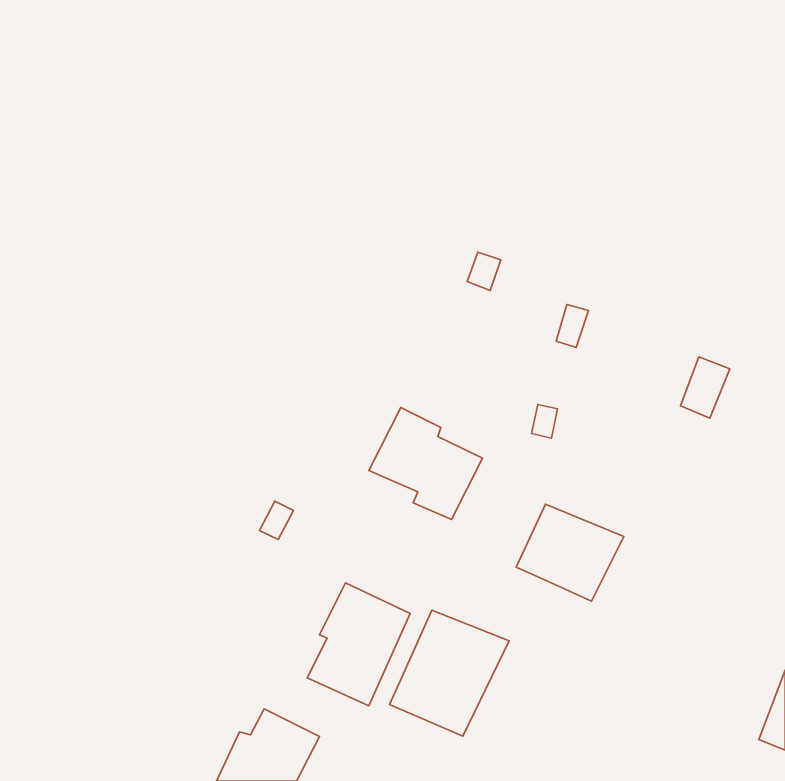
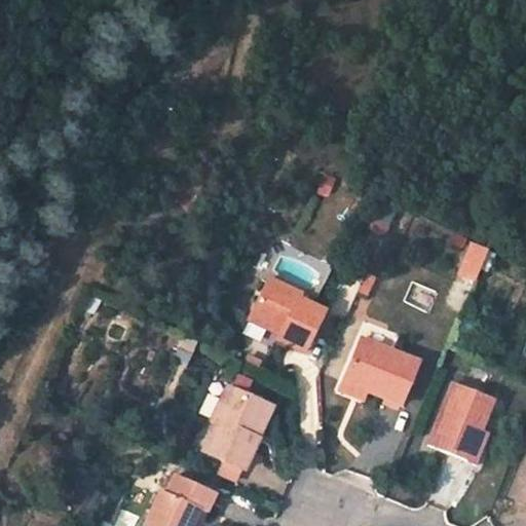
building: none -> [428,385,496,462]
building: [390,610,509,736] -> none

